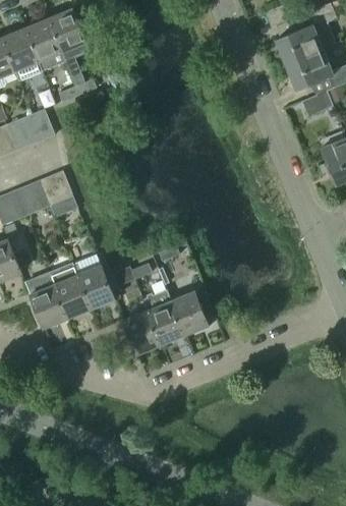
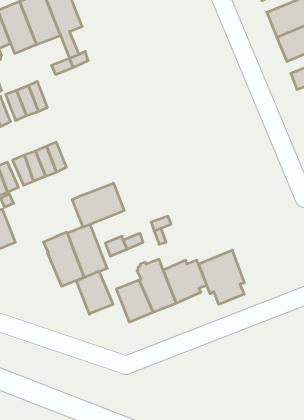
building: none -> [72,183,124,227]
building: none -> [199,250,244,304]
building: [30,284,67,328] -> [76,271,113,314]

